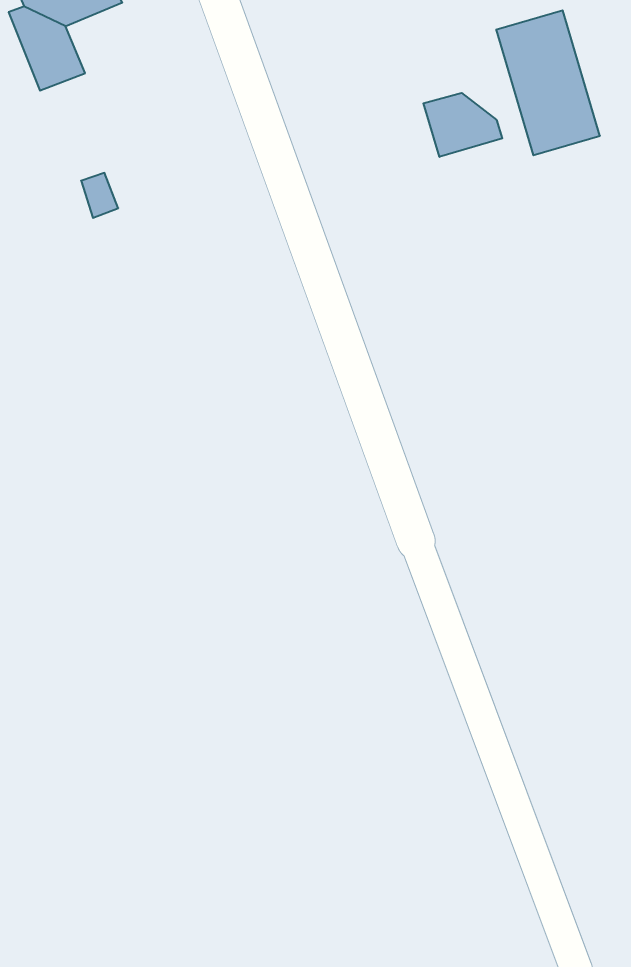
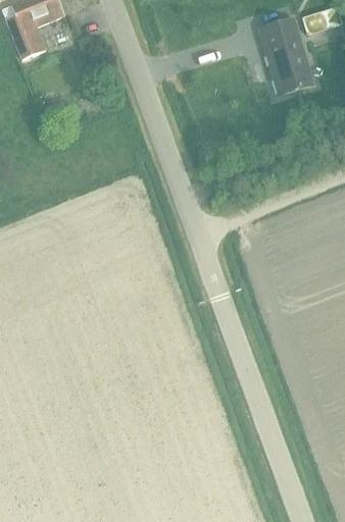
building: [423,93,502,157] -> none

